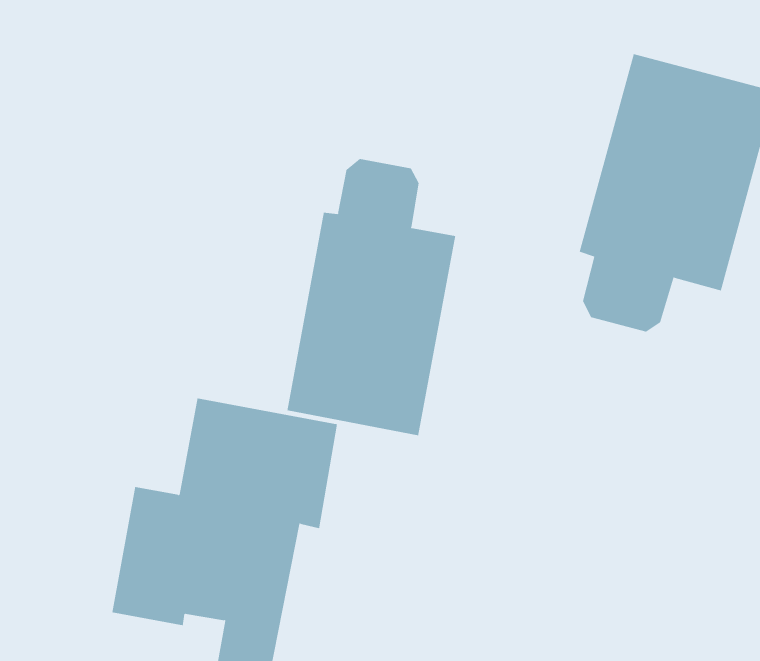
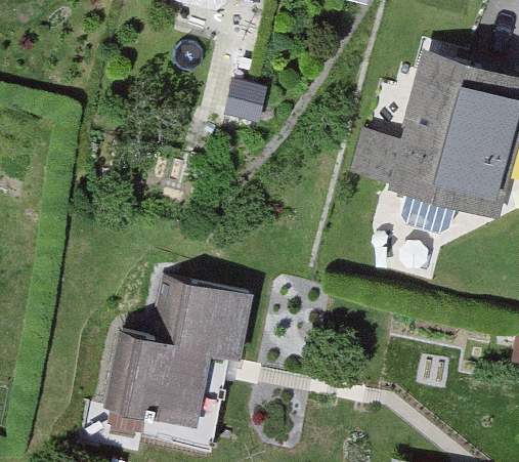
building: [287,158,456,436] -> none

